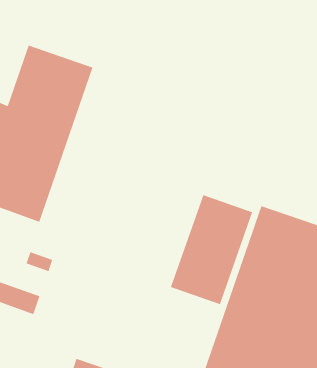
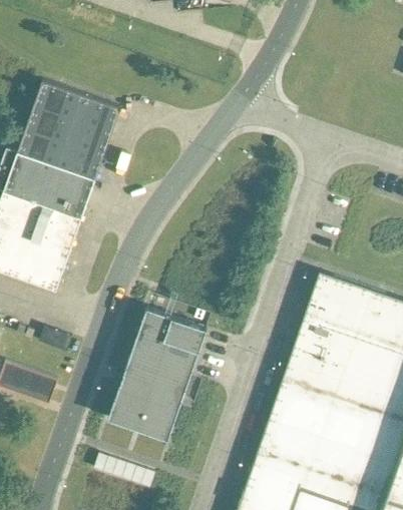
building: [170,194,253,305] -> [108,309,208,441]

